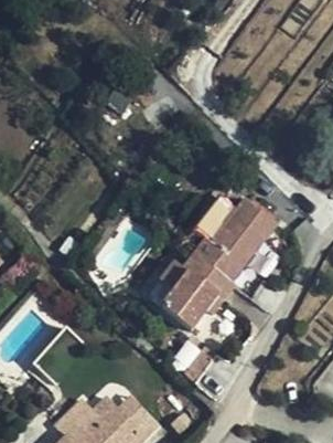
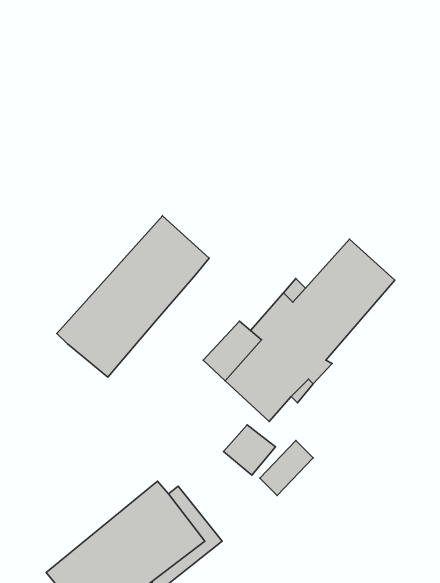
building: none -> [57,216,209,377]

